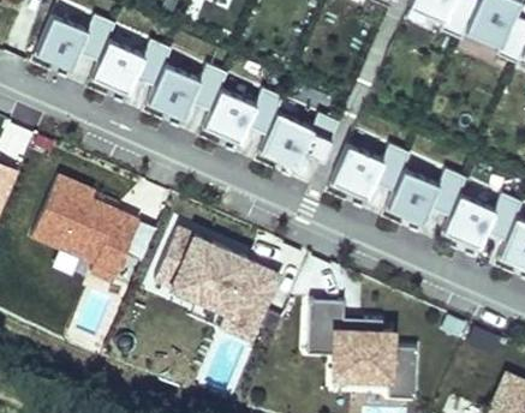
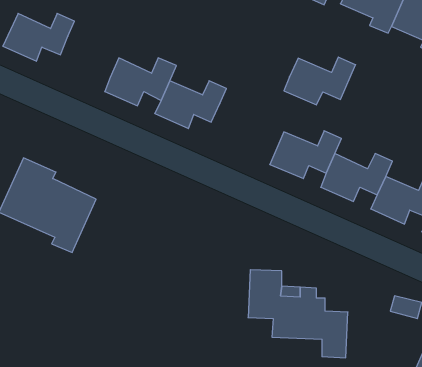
building: [93,41,172,94] -> none
building: [261,115,340,168] -> [284,57,356,105]
building: [155,228,280,336] -> none

